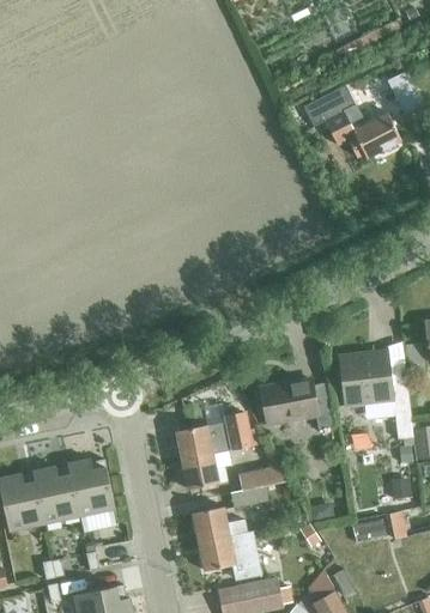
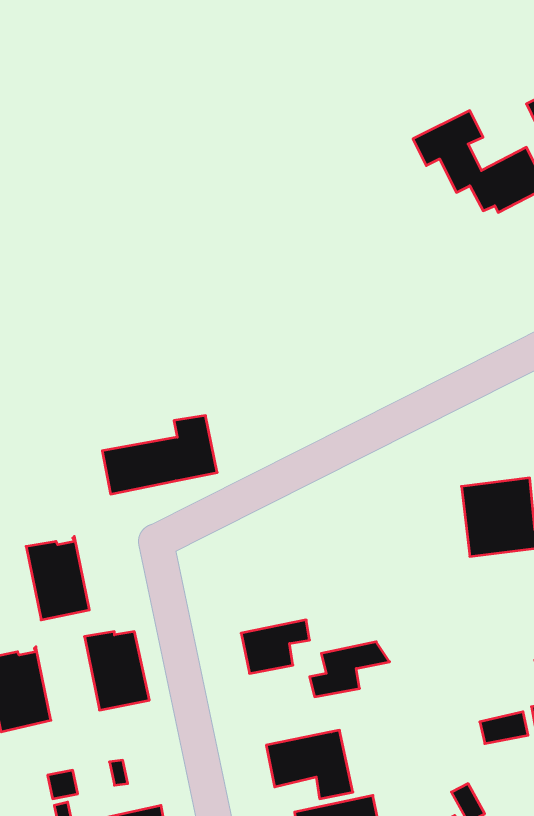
building: [264,380,334,430] -> none
building: [175,405,258,461] -> [102,416,217,494]
building: [34,463,79,523] -> [26,536,89,620]
building: [193,505,246,541] -> none

